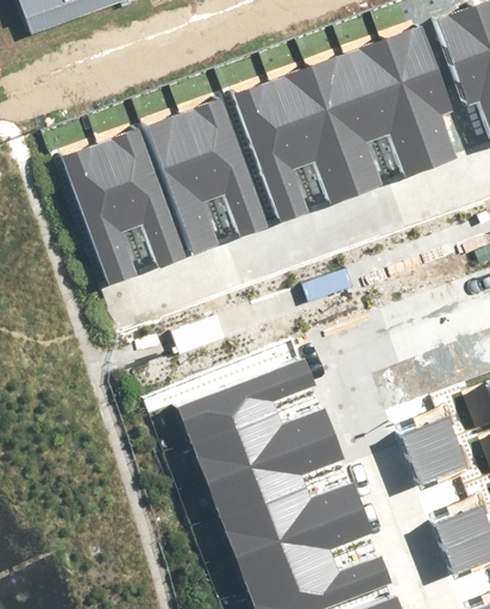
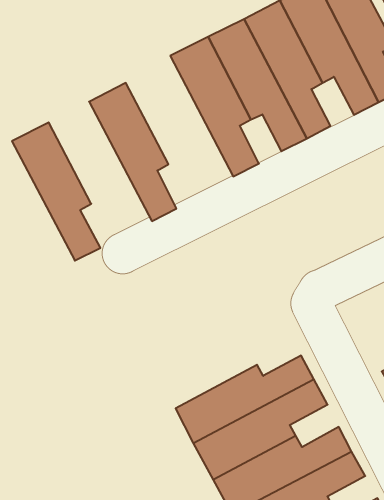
building: [183,99,269,236] -> none
building: [101,128,188,265] -> none
building: [176,359,314,445] -> none

